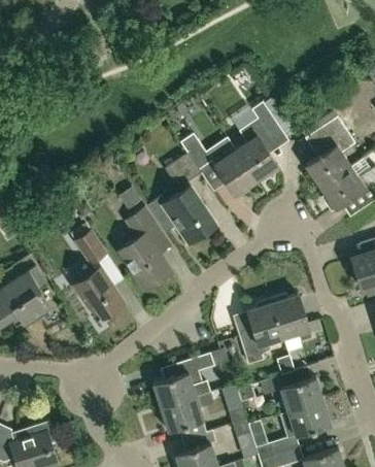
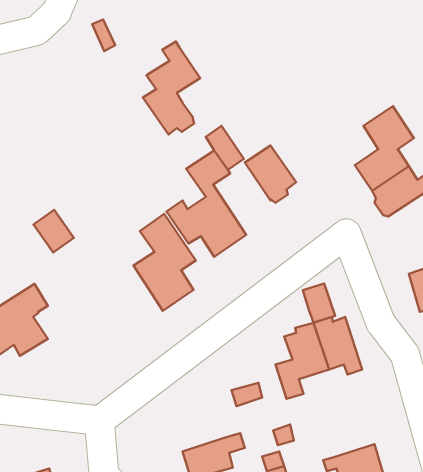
building: [235,102,283,180] -> [143,41,200,134]
building: [73,229,107,265] -> [34,210,74,253]
building: none -> [303,283,335,323]
building: [73,267,124,321] -> none
building: [277,367,322,414] -> none
building: [152,372,209,407] -> none

